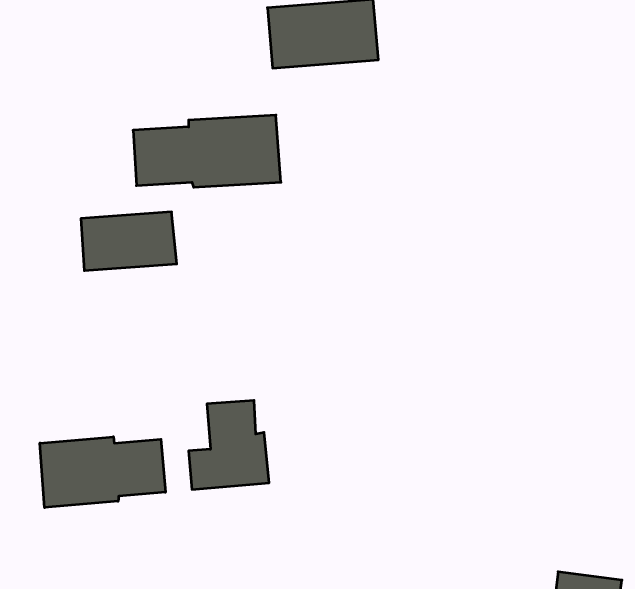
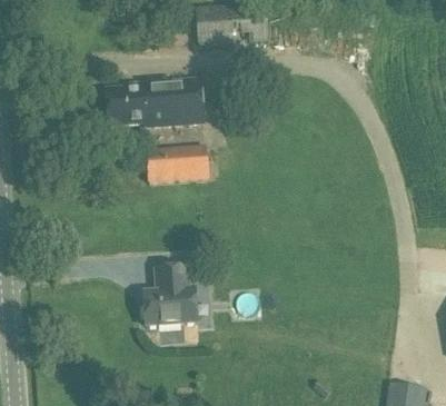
building: [81,212,177,271] -> [146,143,209,182]
building: [40,437,165,508] -> none

